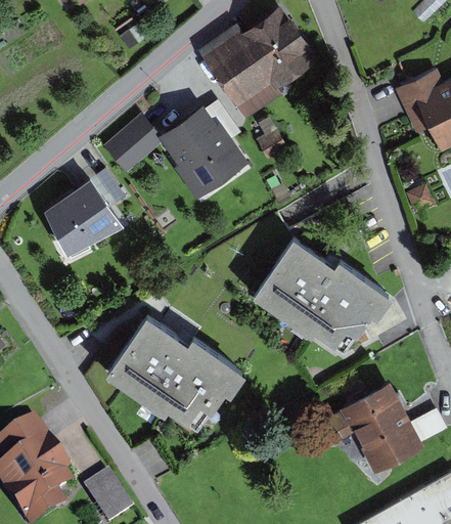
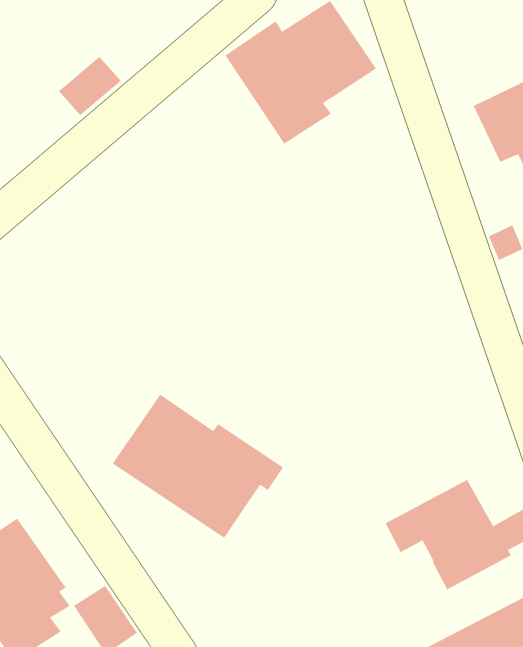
building: [164,112,240,192] -> none
building: [109,119,160,166] -> [58,56,121,116]
building: [45,176,125,253] -> none
building: [258,243,392,356] -> none

